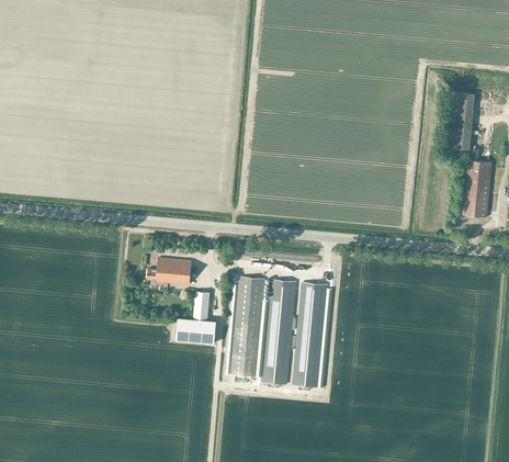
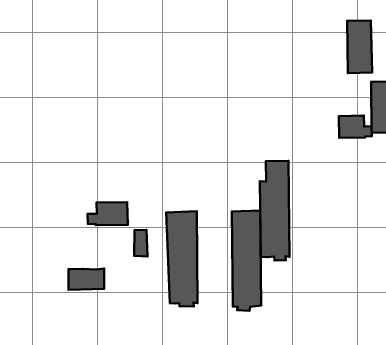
building: none -> [339,116,372,138]
building: [256,280,296,388] -> [260,161,290,260]
building: [176,318,216,343] -> [68,269,104,290]

